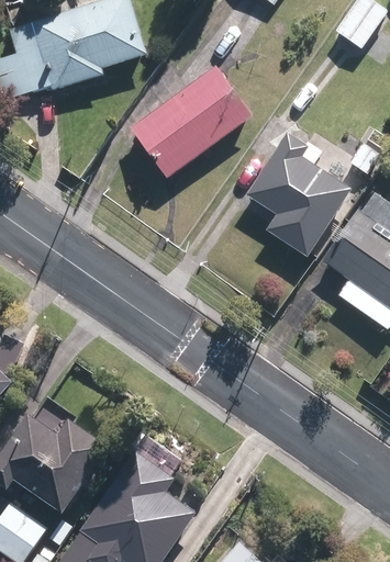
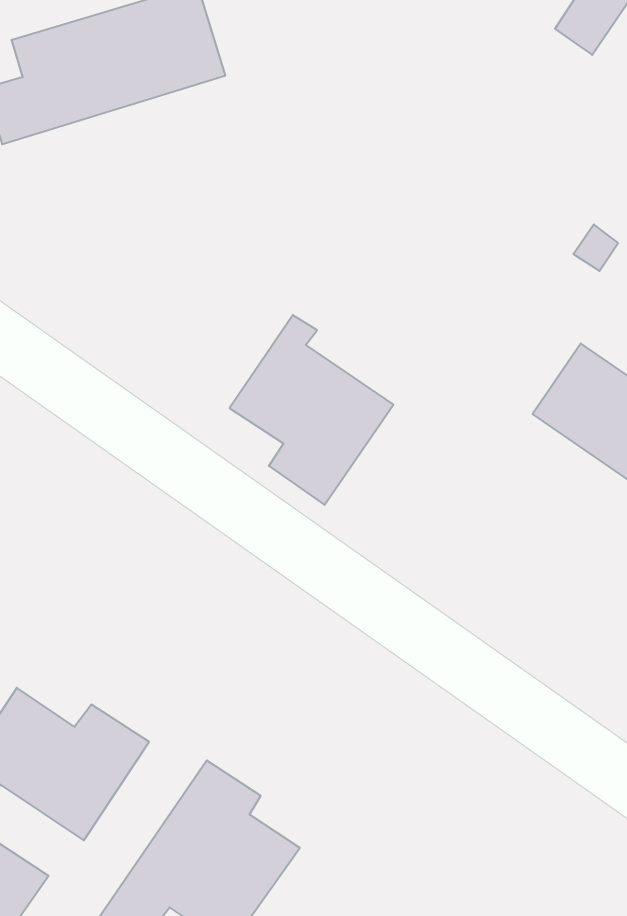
building: [135,74,246,171] -> none
building: [248,139,345,251] -> [230,315,393,505]

